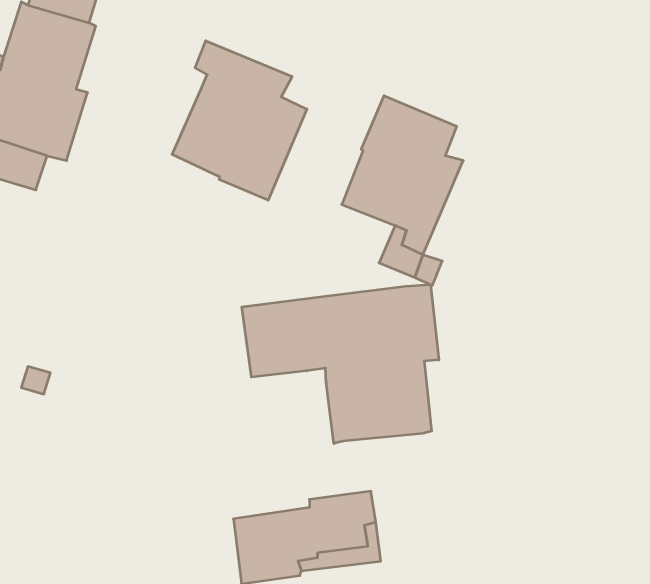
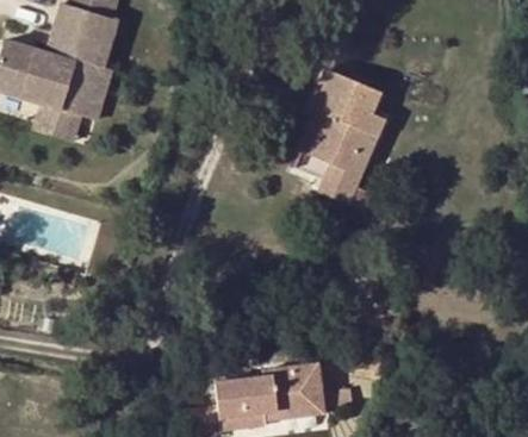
building: [172,41,307,200] -> none
building: [242,285,439,444] -> none

